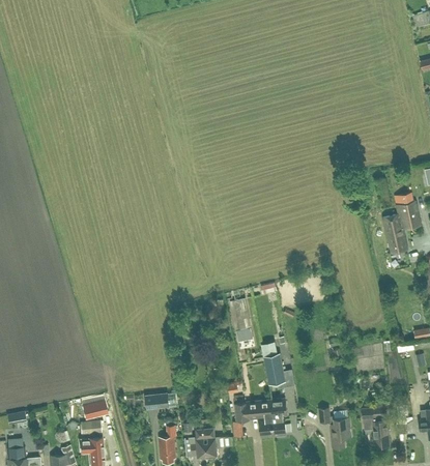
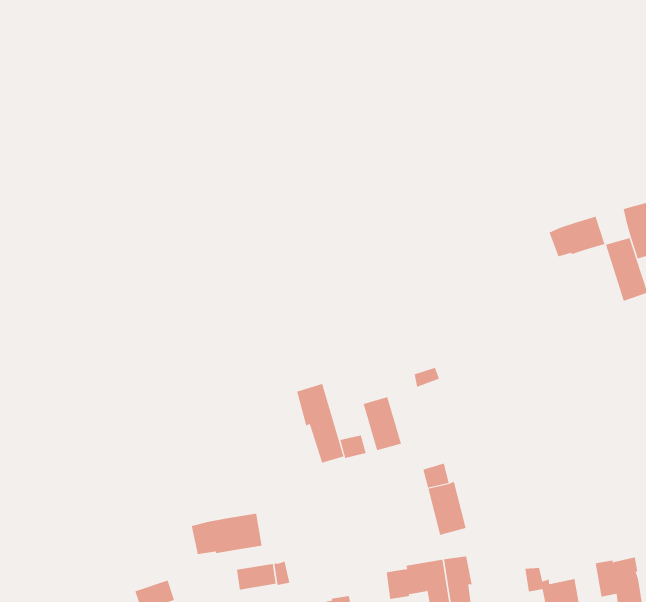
building: none -> [549,216,605,257]
building: none -> [297,383,344,463]
building: none -> [191,513,262,555]

